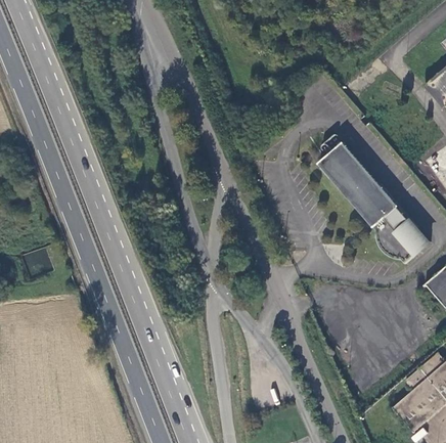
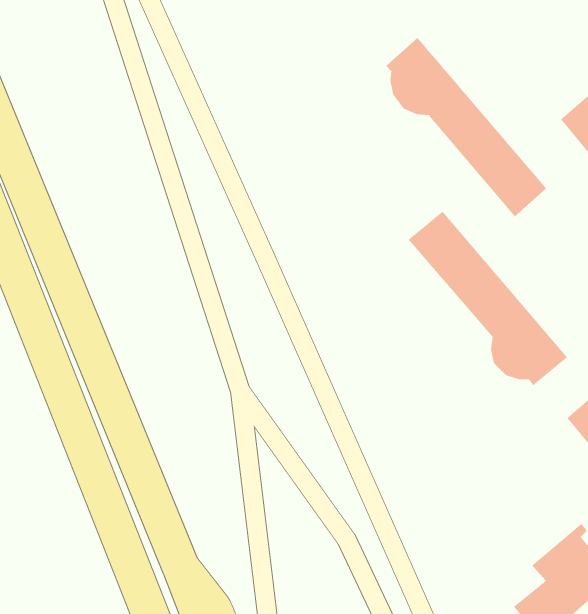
building: none -> [385,37,547,217]

